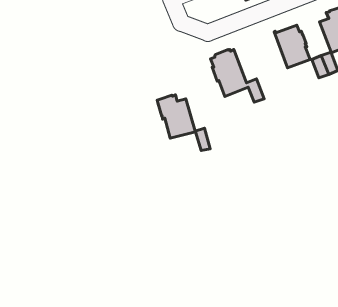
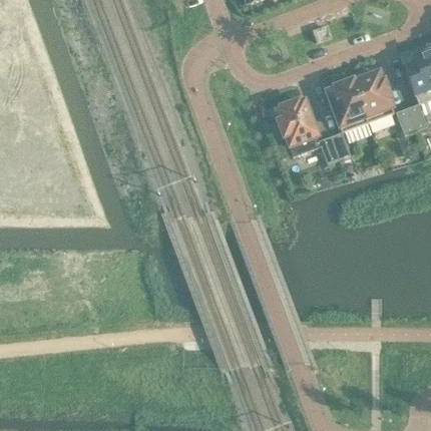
building: none -> [326,77,367,157]
building: [157,95,210,151] -> none

